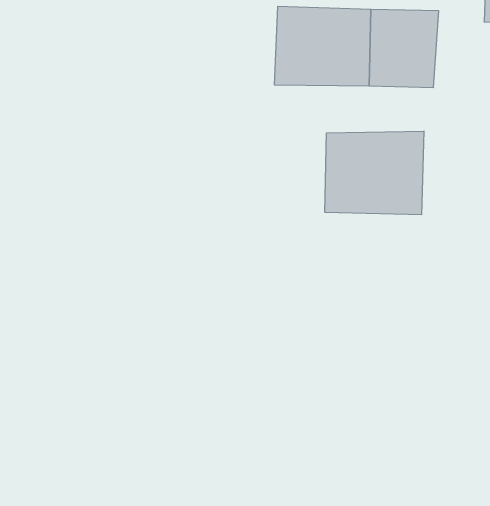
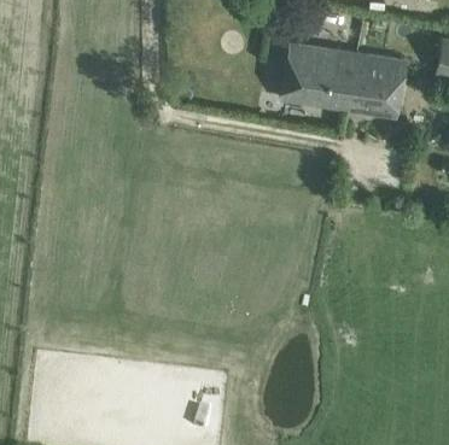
building: [325,131,424,215] -> none

